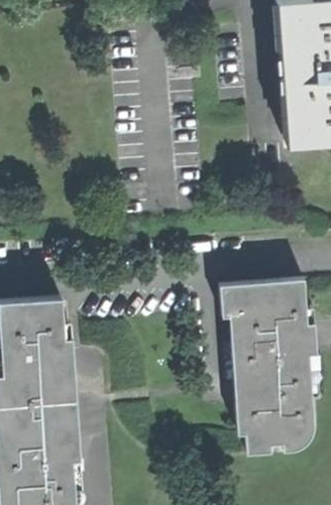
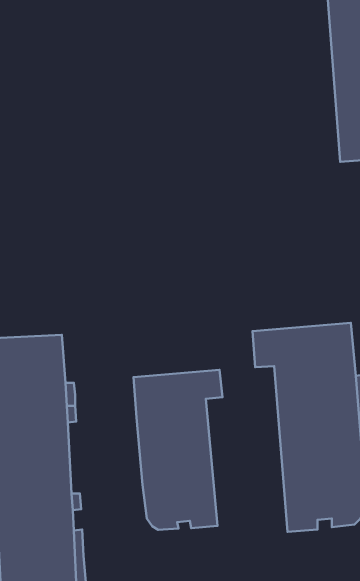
building: none -> [133,370,222,530]

